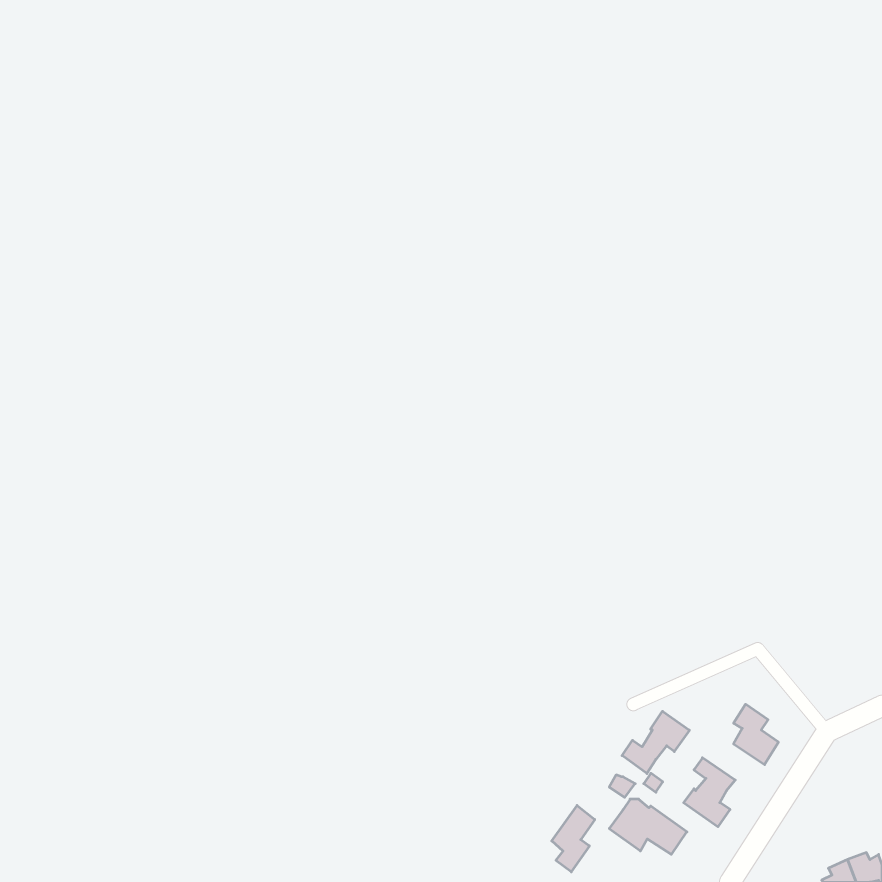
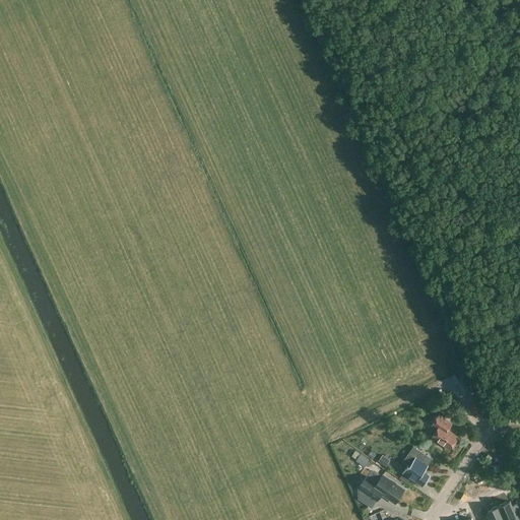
building: [622,711,689,774] -> none
building: [552,805,595,872] -> none

